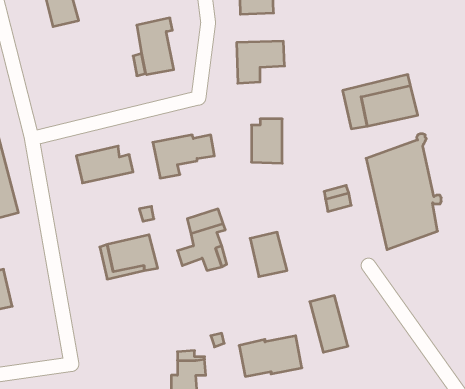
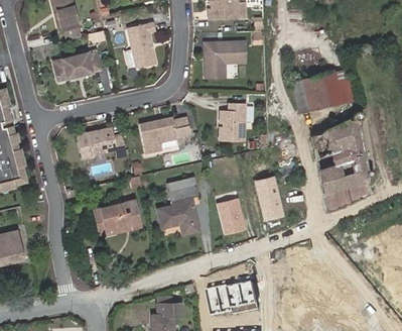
building: none -> [50,50,100,82]
building: [310,296,348,352] -> [255,176,286,222]

